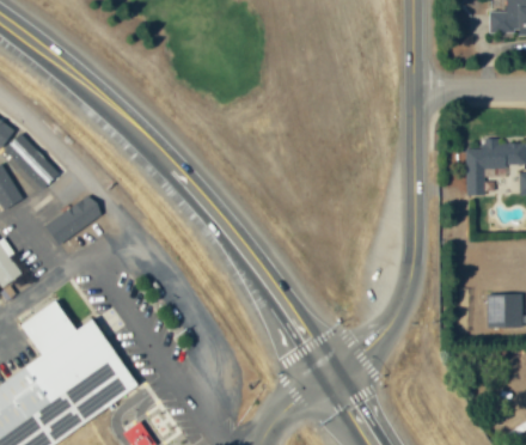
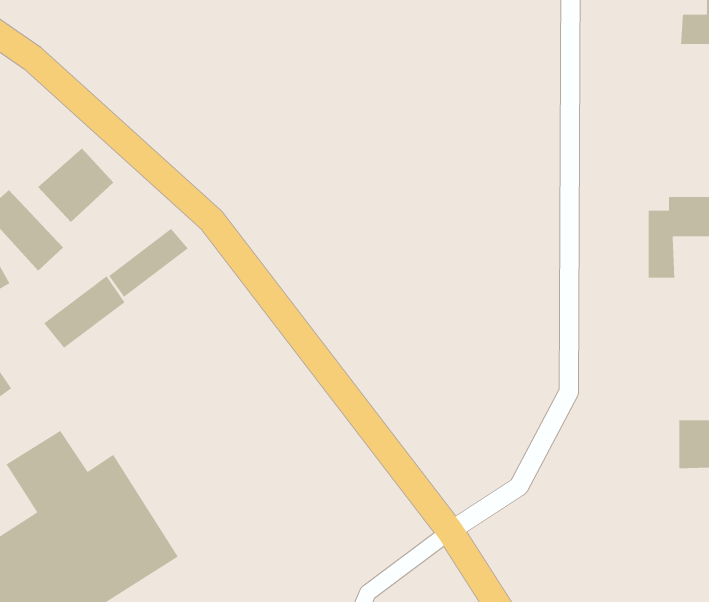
building: none -> [37,148,114,223]
building: none -> [108,228,189,298]

